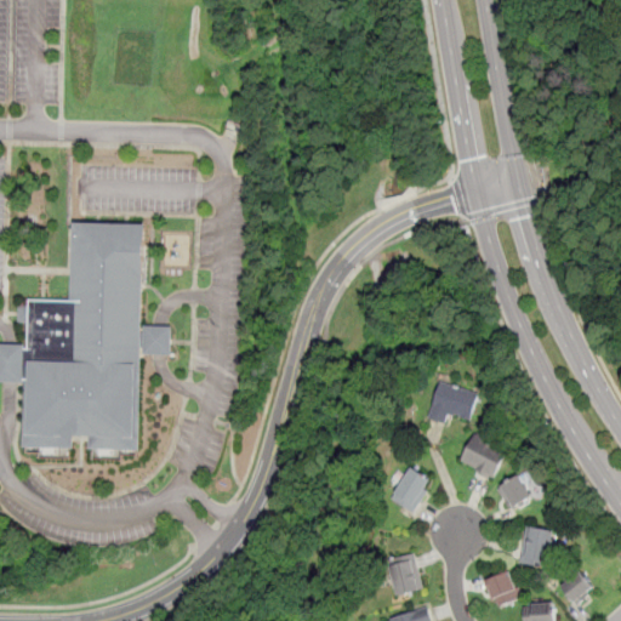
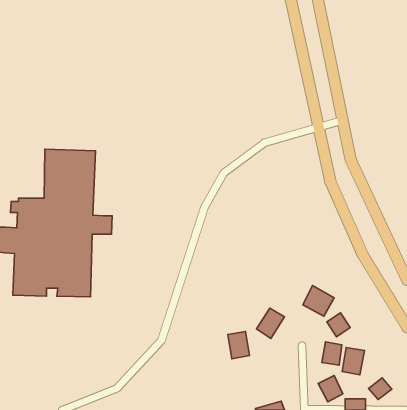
building: [427,380,475,422] -> none
building: none -> [322,342,342,365]
building: [387,554,420,596] -> [228,331,249,359]

